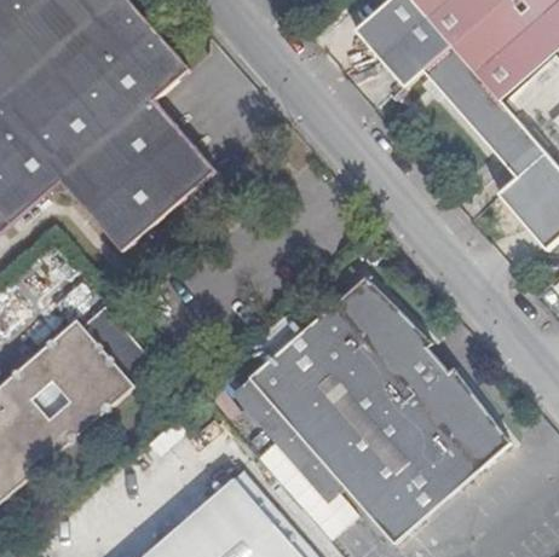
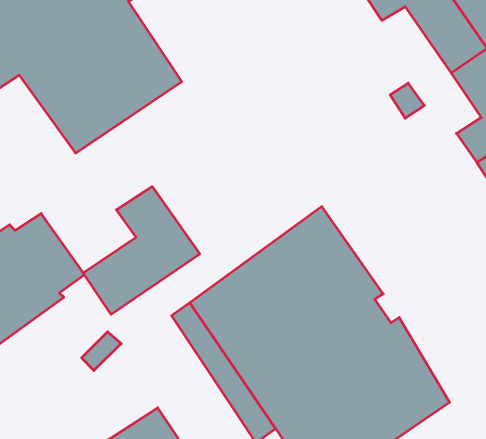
building: none -> [83,187,200,314]

